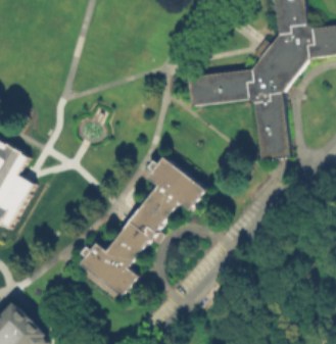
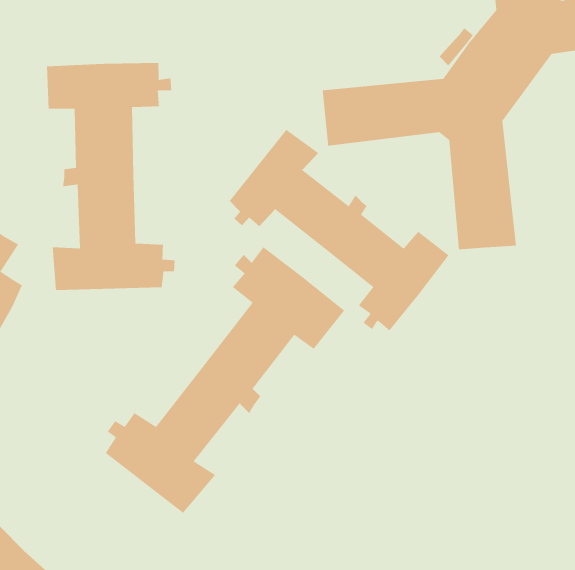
building: none -> [46,62,176,291]
building: none -> [229,129,449,331]

